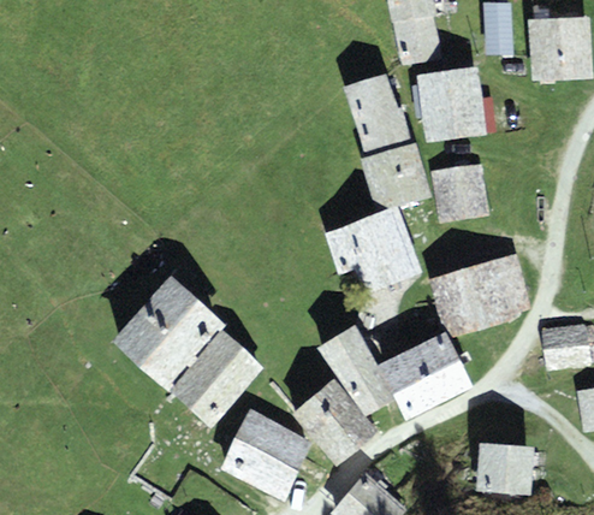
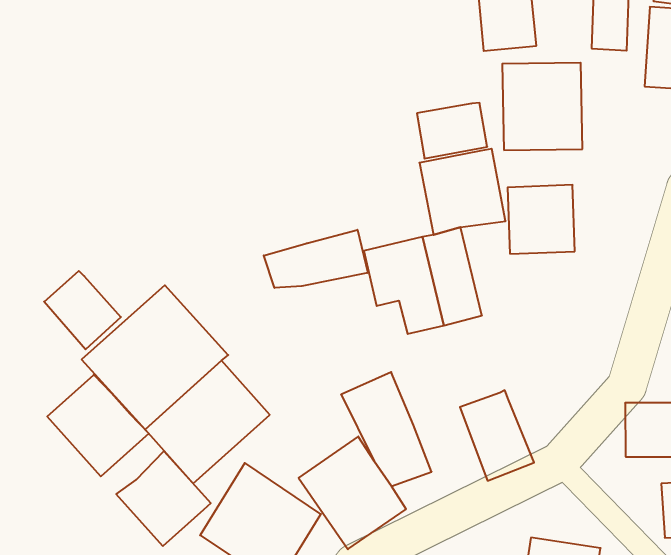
building: [344,71,397,119] -> none
building: none -> [264,230,368,288]
building: [429,253,531,336] -> none
building: none -> [44,271,121,349]
building: [378,345,440,419] -> none
building: none -> [47,375,149,476]
building: none -> [116,451,211,546]

